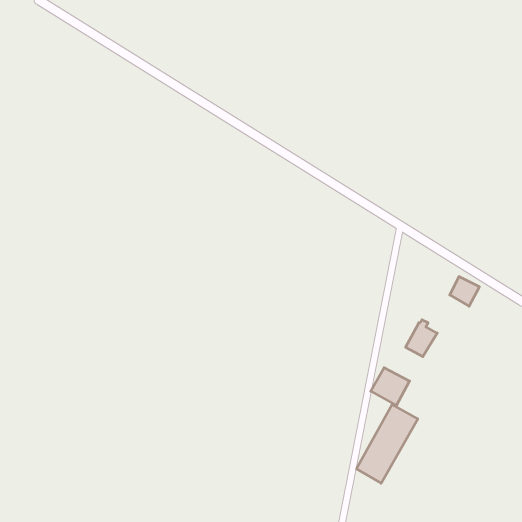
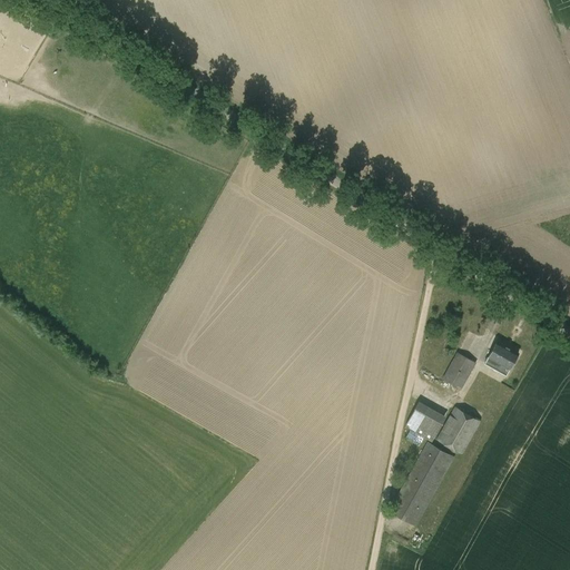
building: [450,277,479,306] -> [485,342,518,374]
building: none -> [436,406,481,453]

